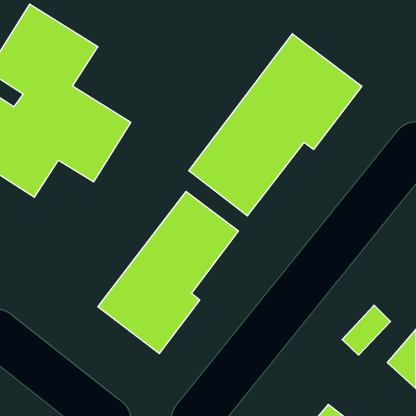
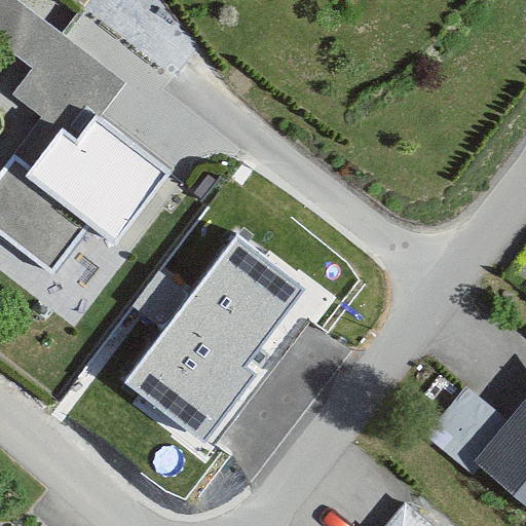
building: [189,34,362,216] -> none

